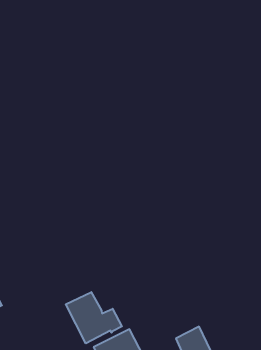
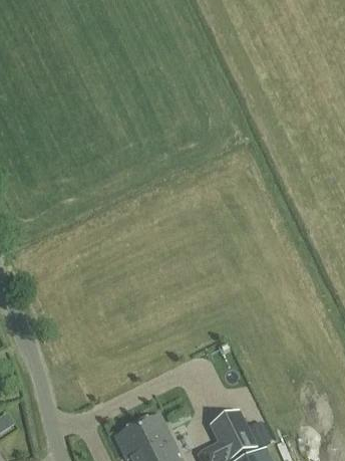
building: [66,292,122,343] -> none

